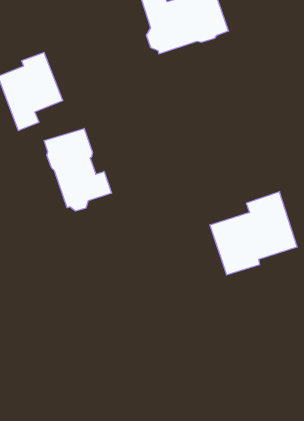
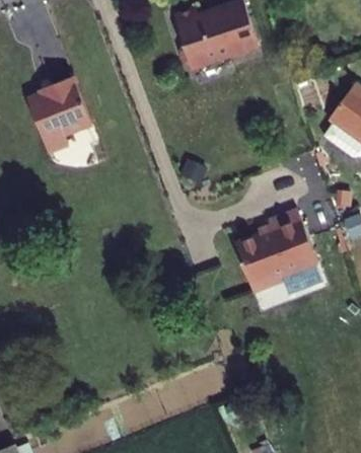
building: [44,128,112,211] -> none

